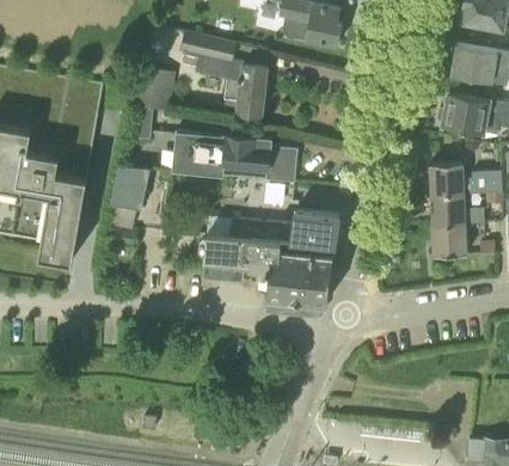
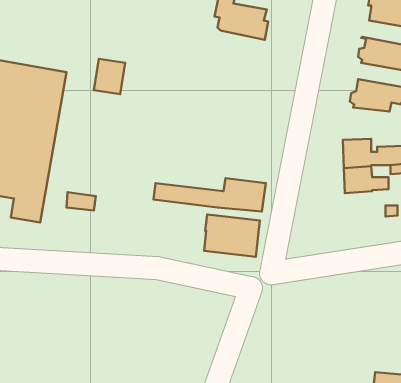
building: [180,35,266,116] -> none
building: [172,133,298,184] -> none
building: [111,161,147,210] -> none
building: [433,227,466,258] -> none
building: [200,237,282,270] -> none

